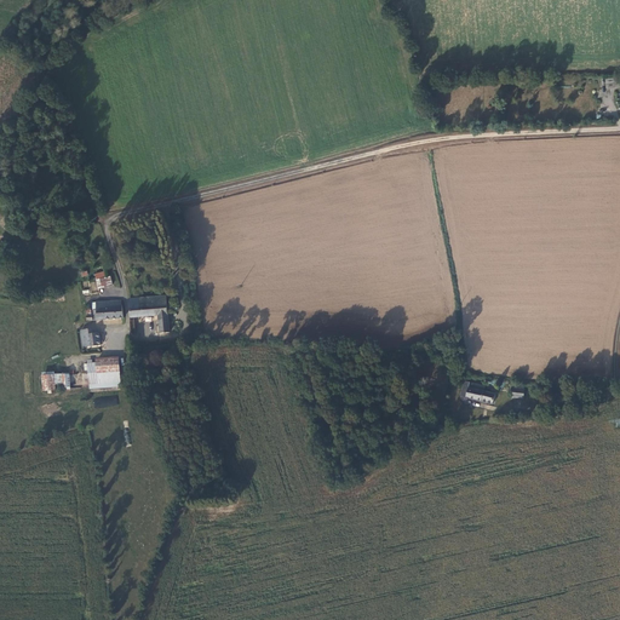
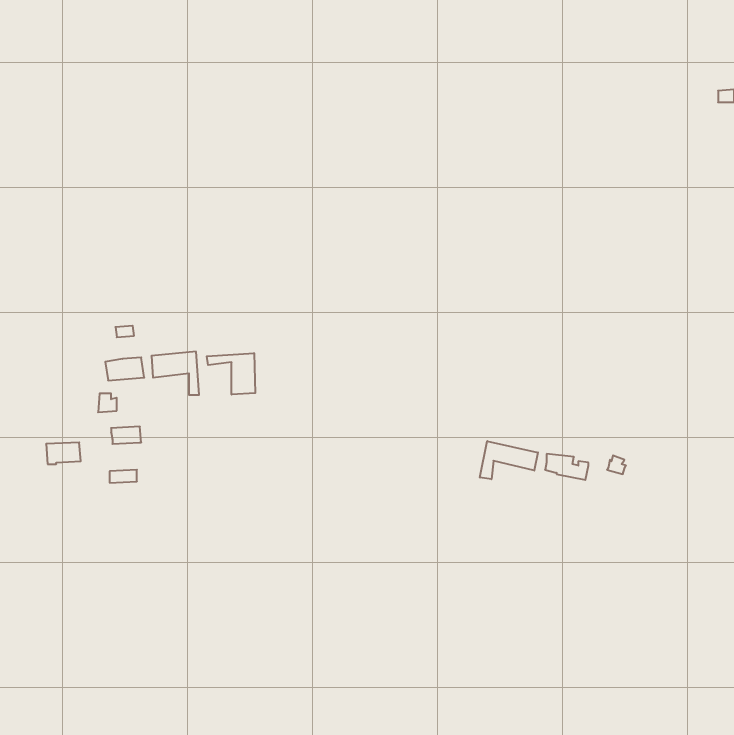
building: none -> [207,353,255,395]
building: none -> [480,441,538,479]

